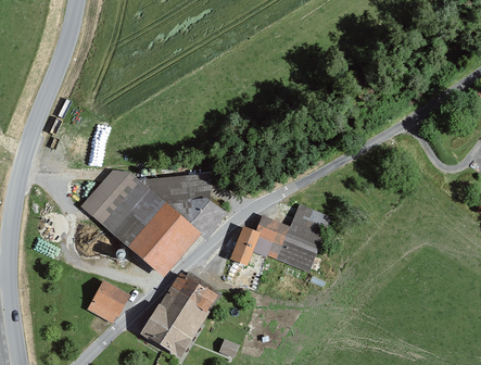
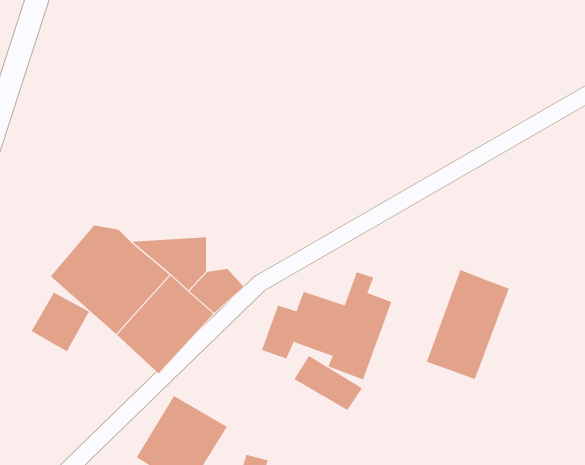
building: none -> [426,269,510,380]
building: [168,276,218,316] -> [293,355,363,411]
building: [86,282,128,326] -> [31,292,90,352]

